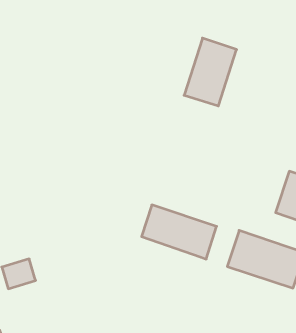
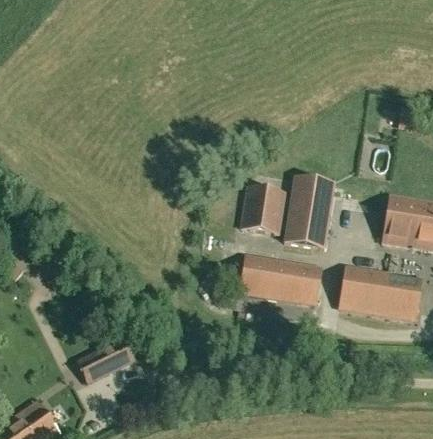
building: [184,38,237,106] -> [284,178,332,248]
building: none -> [241,189,283,235]

